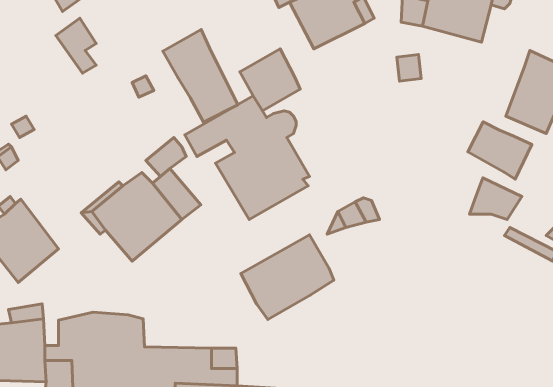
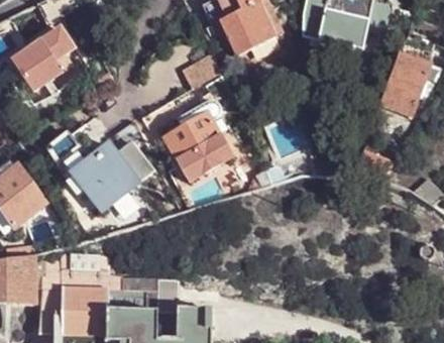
building: [163,29,238,122] -> none
building: none -> [12,43,63,94]
building: [468,122,532,179] -> none
building: [241,235,334,319] -> none

